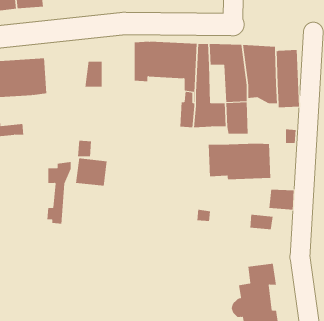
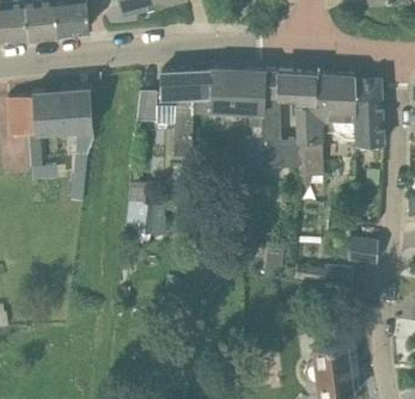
building: none -> [161,70,193,156]
building: [208,143,271,180] -> none
building: [46,162,71,224] -> [65,129,93,201]

